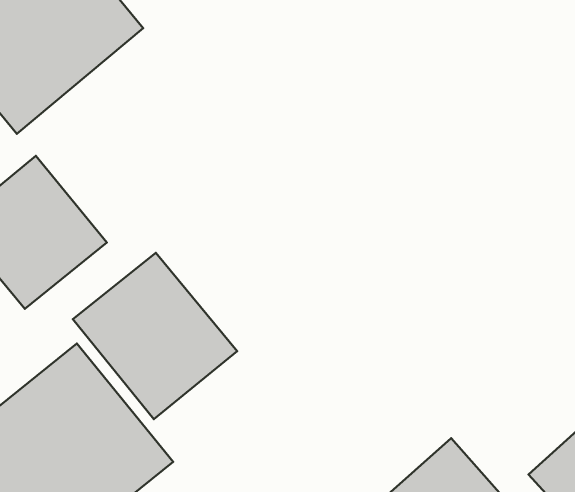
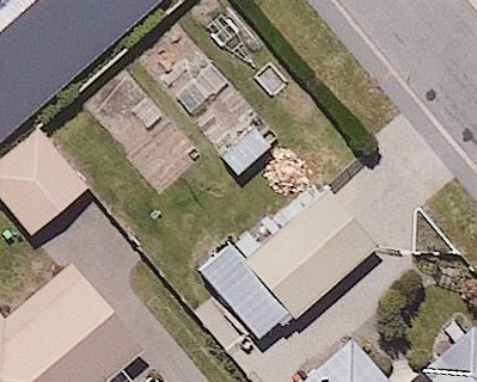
building: none -> [203,181,374,341]
building: [73,253,237,419] -> none

